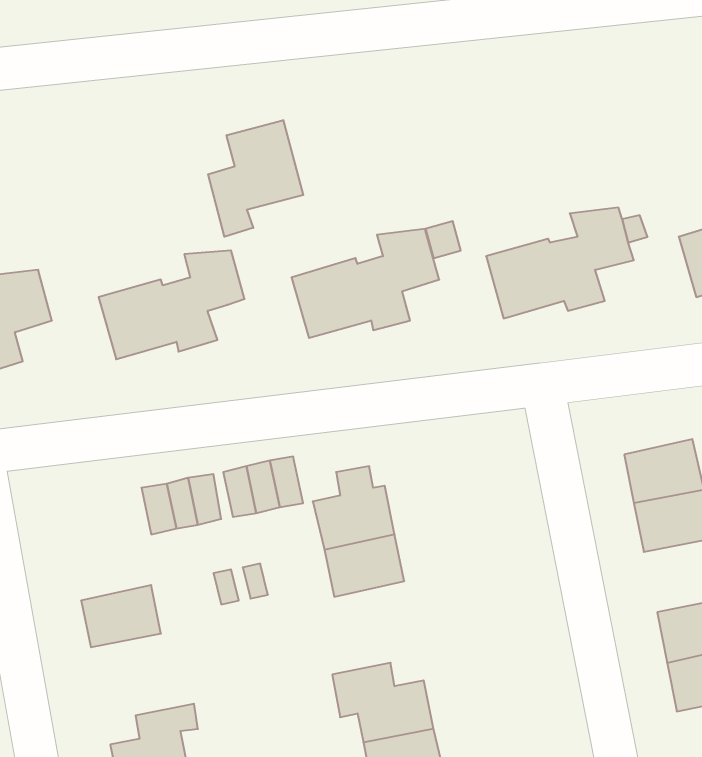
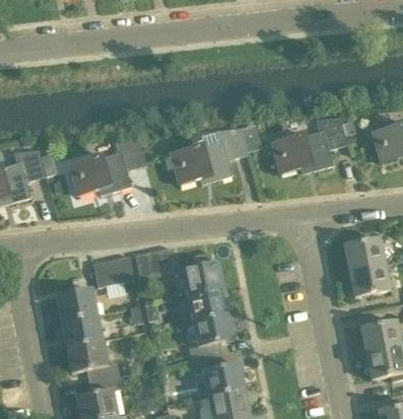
building: [208,120,303,237] -> none
building: none -> [55,287,96,321]
building: none -> [188,310,233,359]
building: none -> [65,338,119,380]

